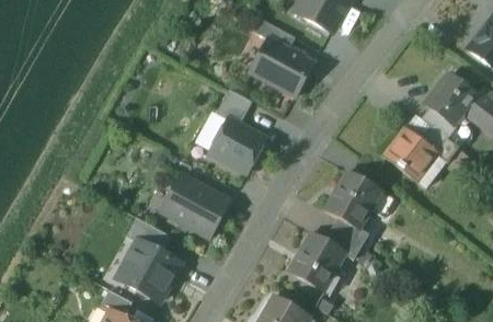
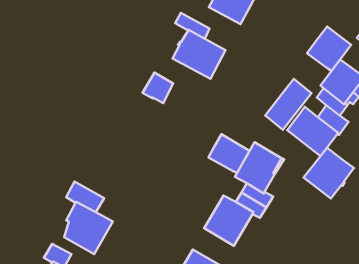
building: none -> [307,26,351,71]
building: none -> [265,79,311,130]
building: [208,117,265,172] -> none
building: none -> [208,134,250,173]
building: [160,173,229,237] -> none
building: none -> [304,148,354,199]

